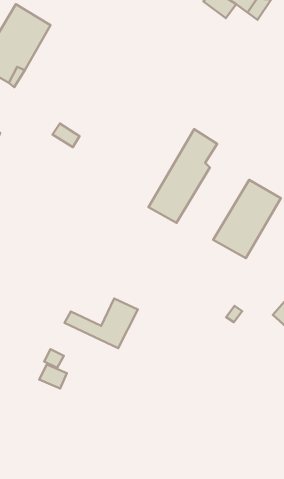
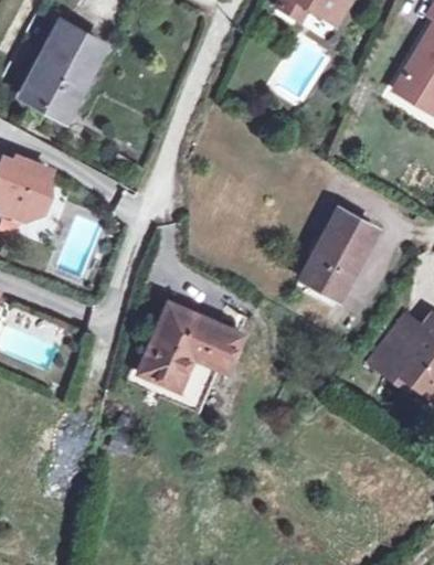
building: [149,129,217,223] -> none
building: none -> [141,303,240,383]

